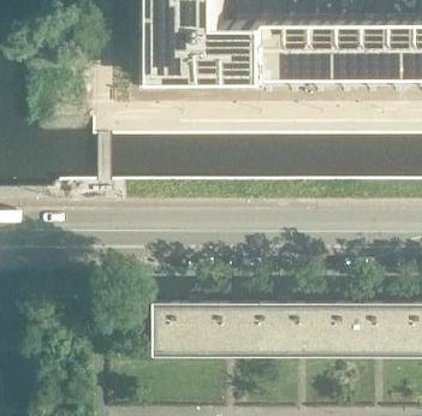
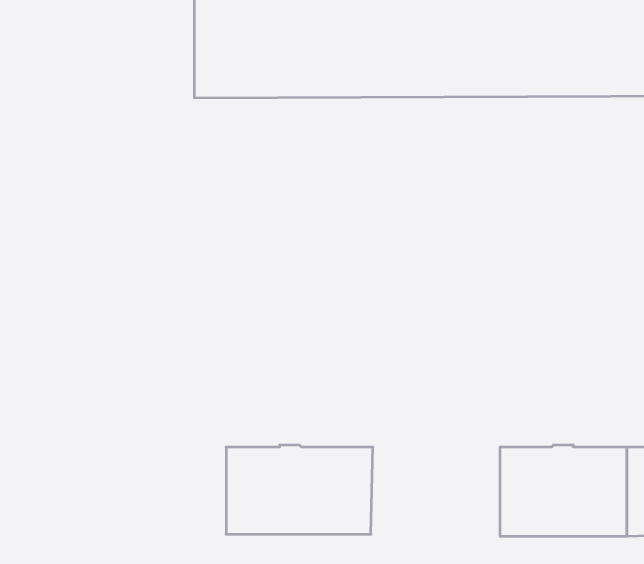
building: [252,302,331,357] -> none

